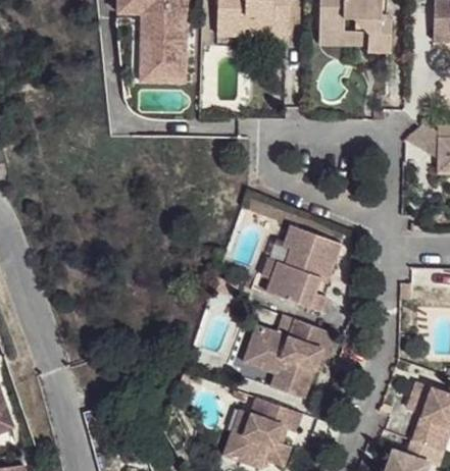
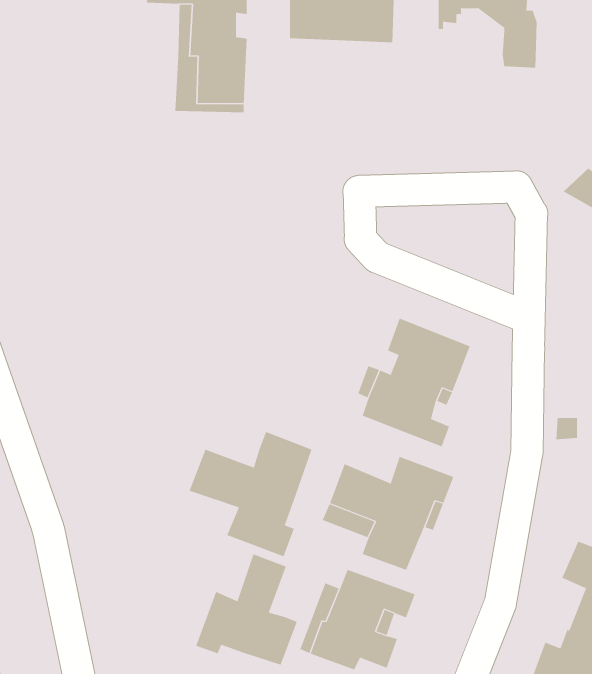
building: [320,21,365,44] -> none
building: none -> [189,431,312,557]
building: none -> [195,553,298,666]

